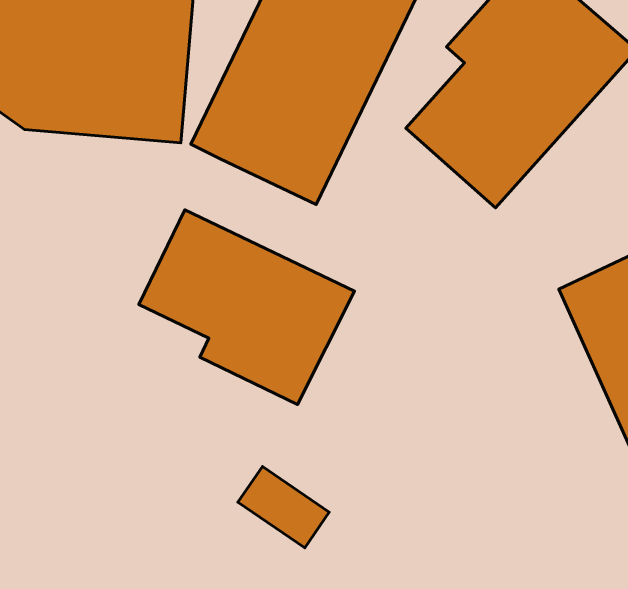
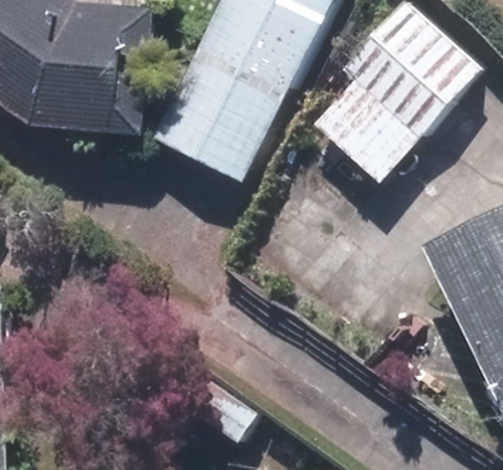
building: [139,210,354,404] -> none

